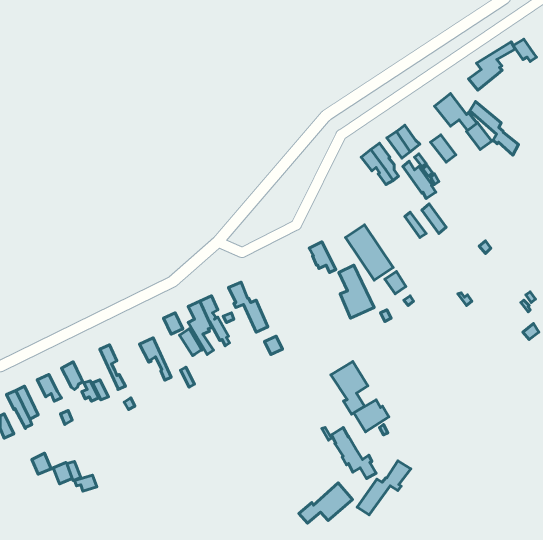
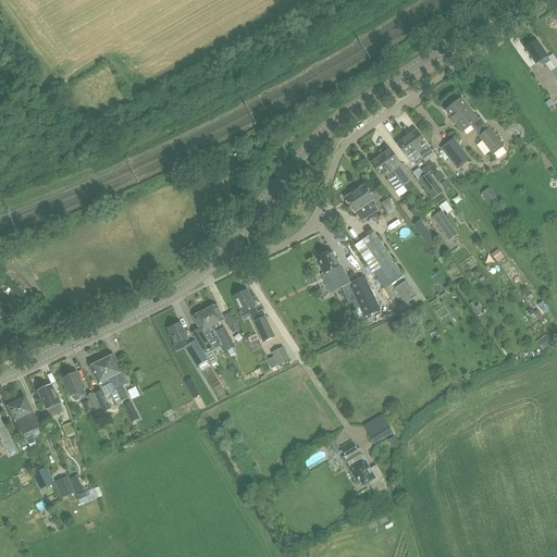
building: [469,42,515,90] -> none
building: [470,101,519,155] -> none
building: none -> [345,184,377,220]
building: [139,338,171,380] -> [88,358,121,401]
building: [331,361,368,414] -> none
building: [357,461,411,515] -> none
building: [299,483,353,523] -> none

